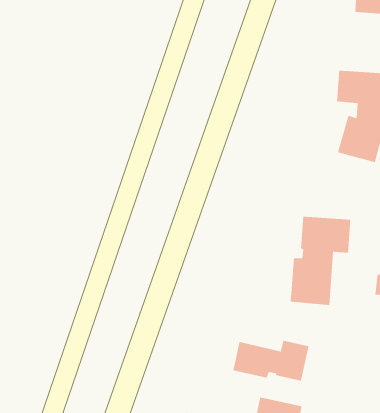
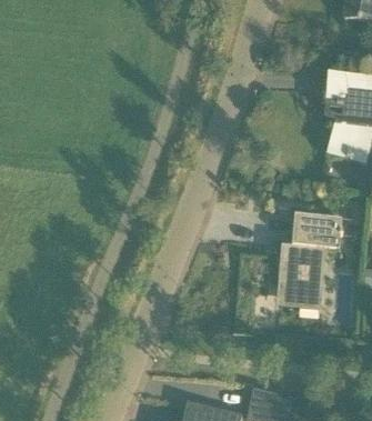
building: [233,340,309,382] -> none

